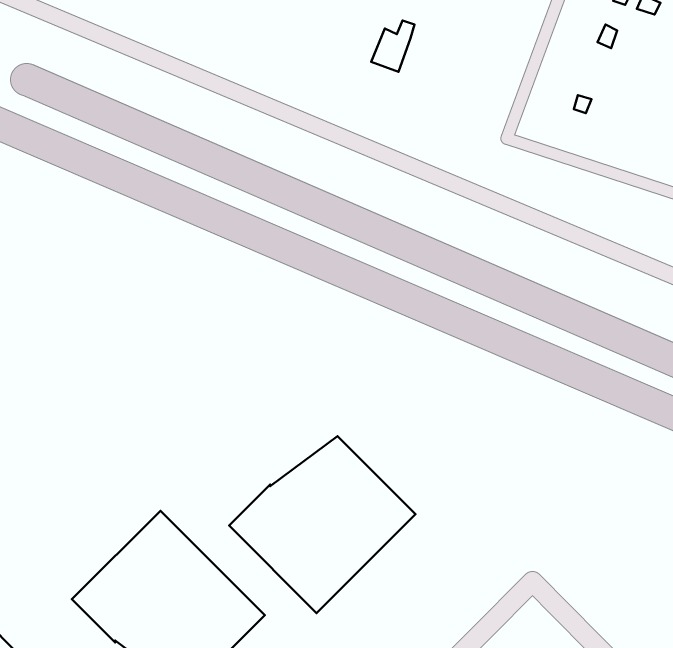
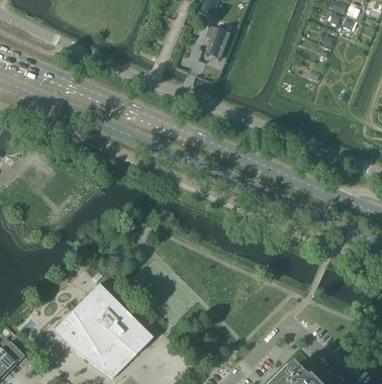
building: [229,436,416,613] -> none

